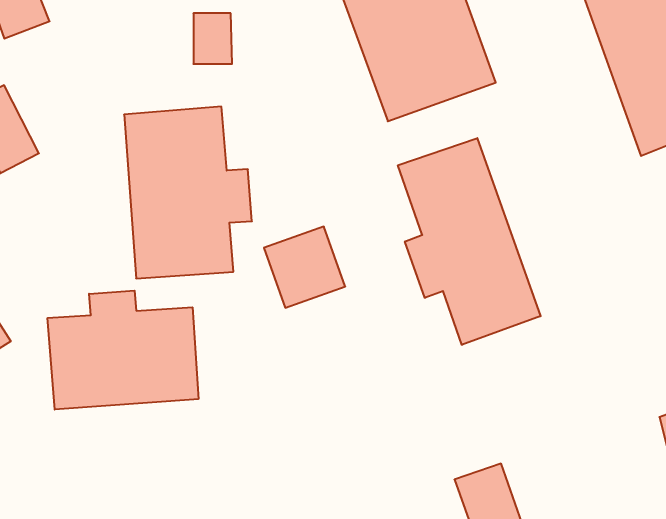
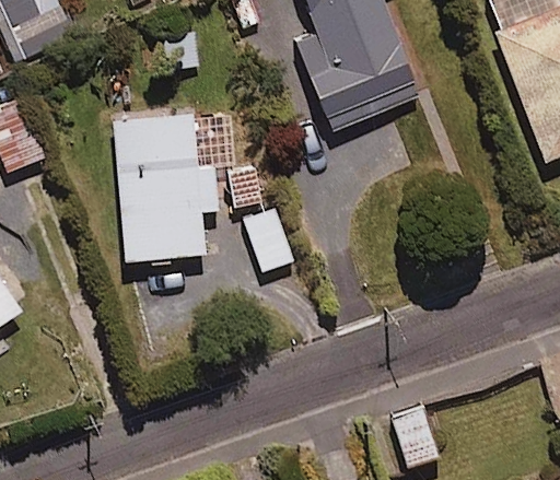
building: [398,138,541,345] -> none
building: [48,291,198,410] -> none

